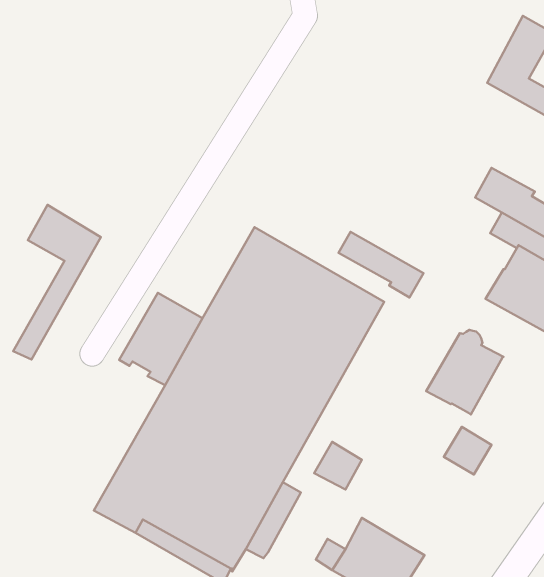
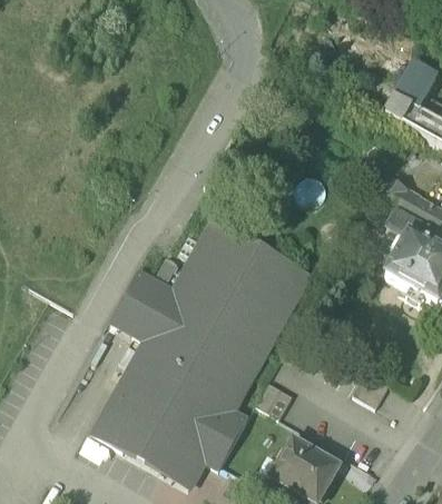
building: [13,205,101,360] -> none
building: [339,232,424,298] -> none
building: [426,330,503,414] -> none

